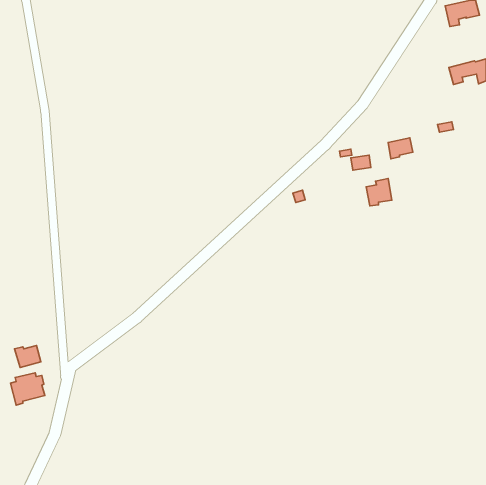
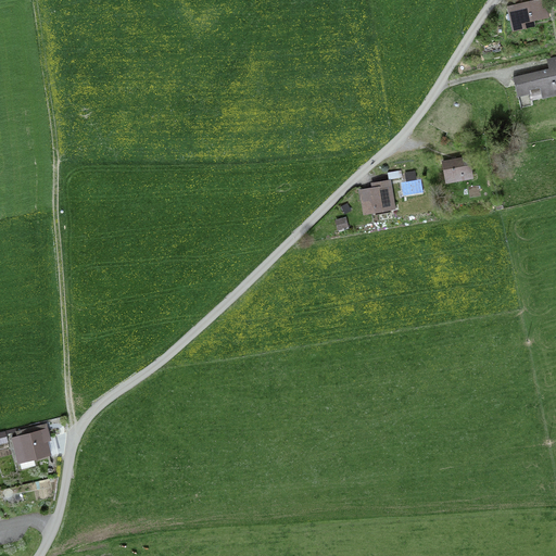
building: [366,178,392,206] -> [361,182,390,214]
building: [15,345,41,367] -> none

